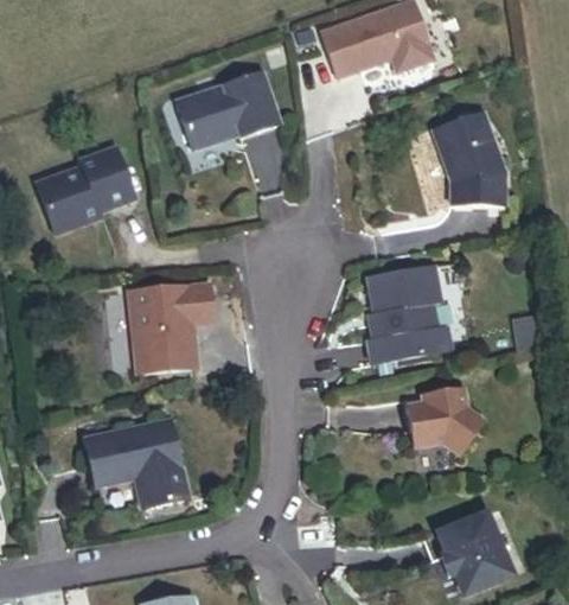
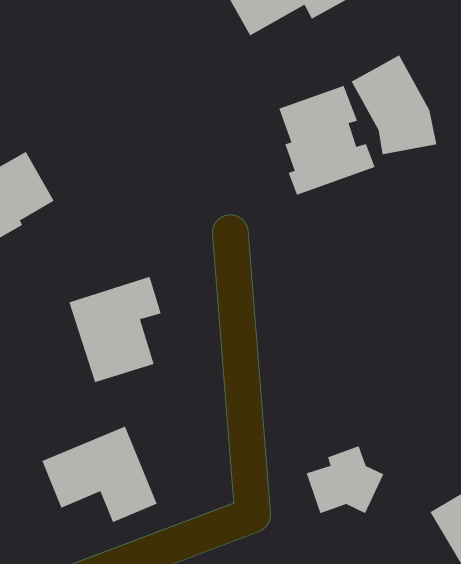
building: [181,71,283,145] -> none
building: [378,263,461,359] -> [279,85,375,195]
building: [404,388,478,453] -> [306,445,384,514]

